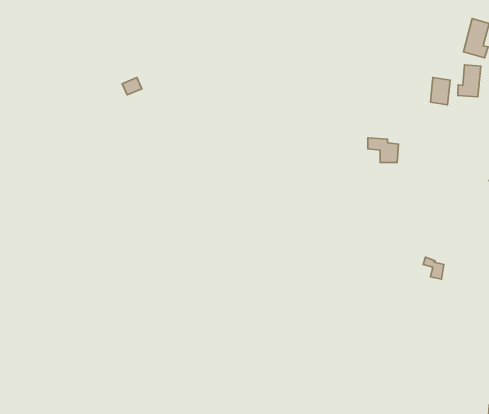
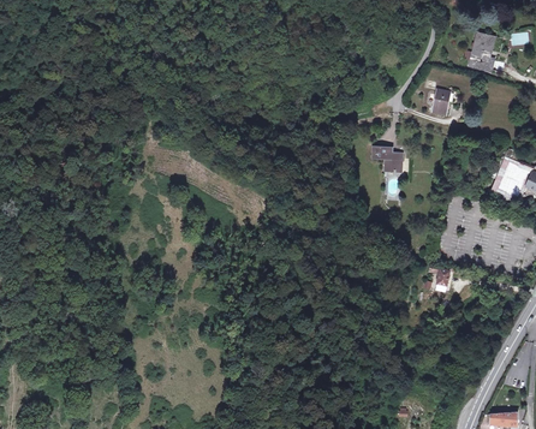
building: [458,65,481,97] -> none

